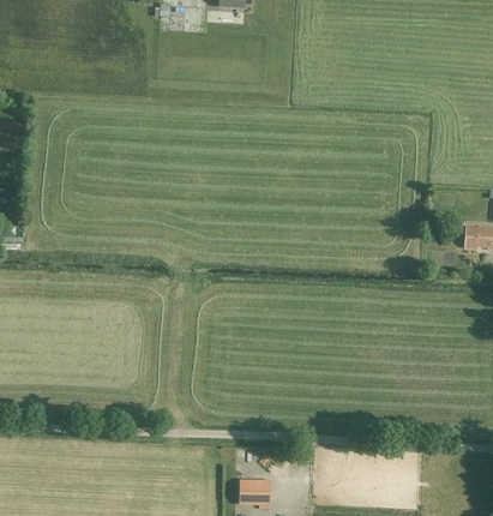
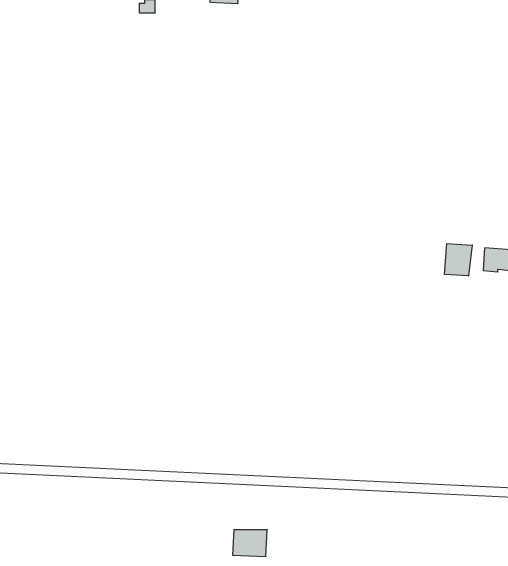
building: none -> [444,244,472,276]

